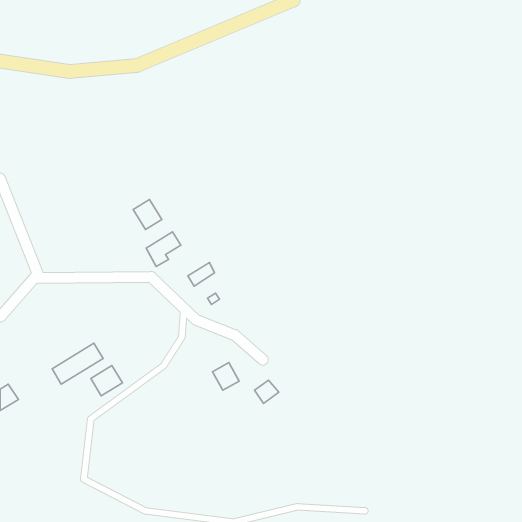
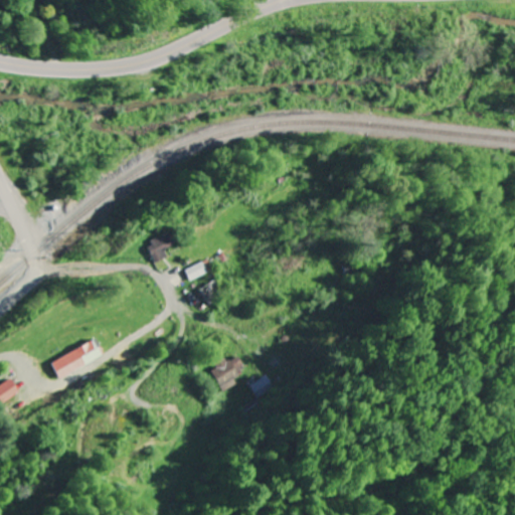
building: [133,199,162,229] -> none
building: [91,365,122,396] -> none

